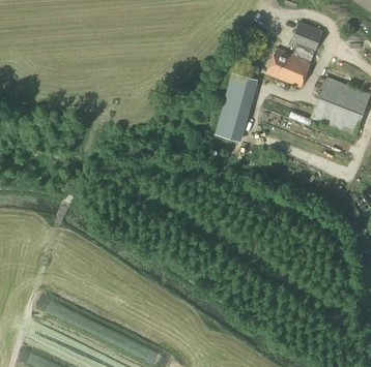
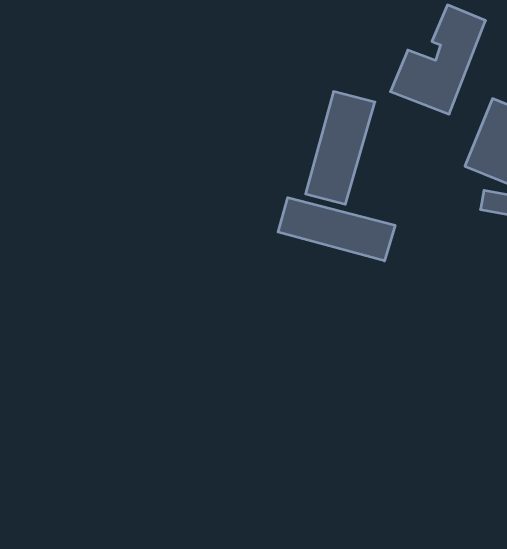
building: none -> [278,198,395,261]

